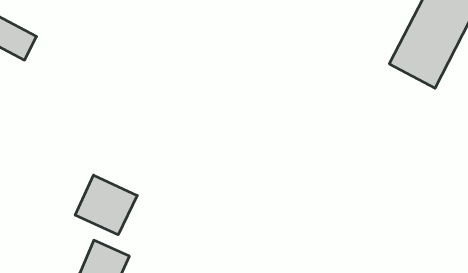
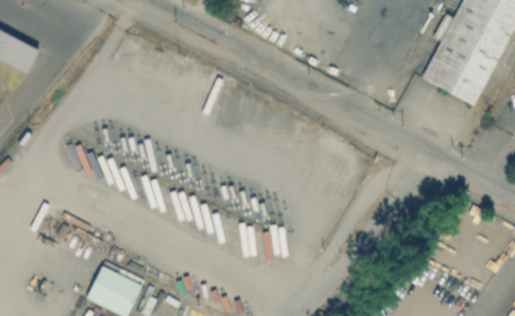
building: [75,175,137,235] -> none

